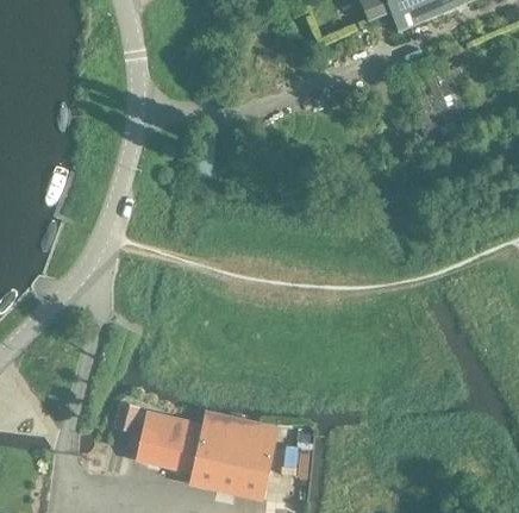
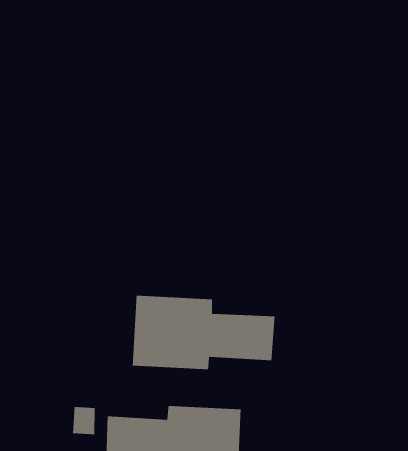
building: none -> [132,295,275,370]

